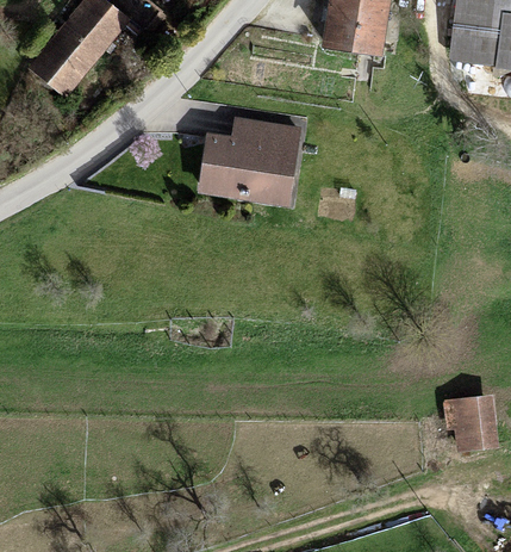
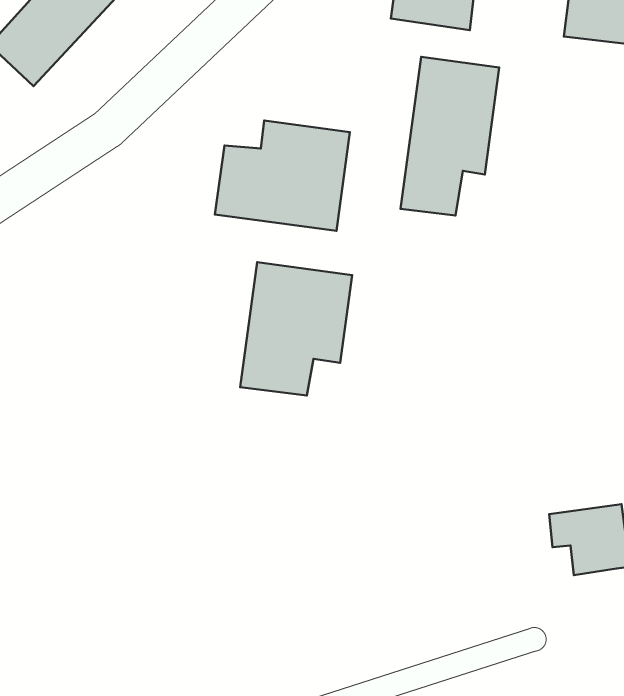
building: none -> [401,57,499,216]
building: none -> [240,262,352,396]

